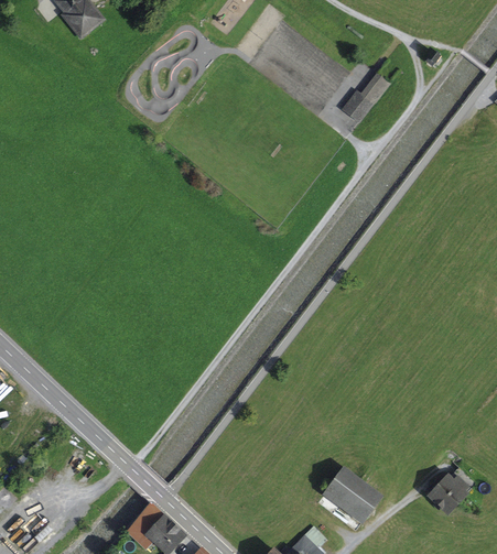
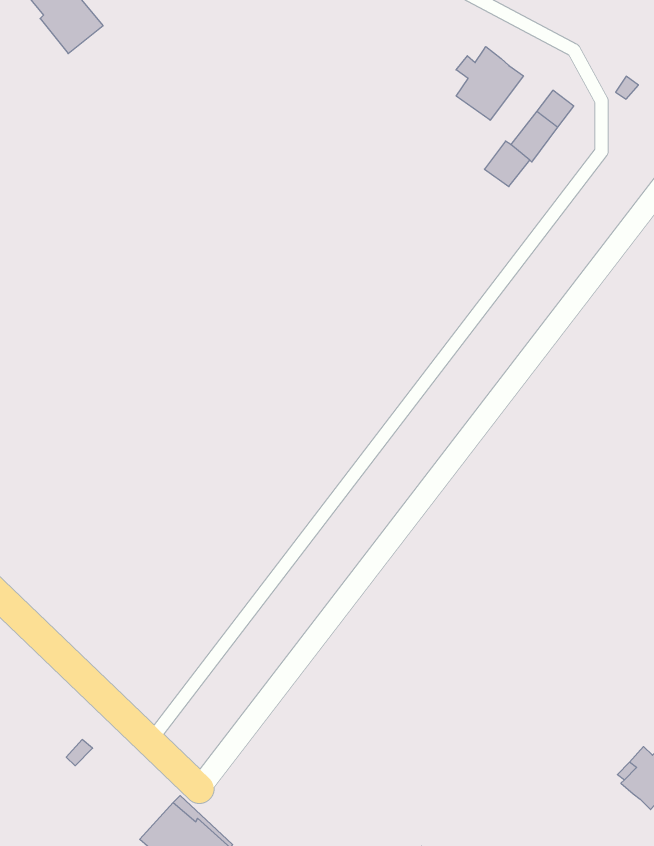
building: none -> [456,47,523,120]
building: [326,469,380,519] -> none

